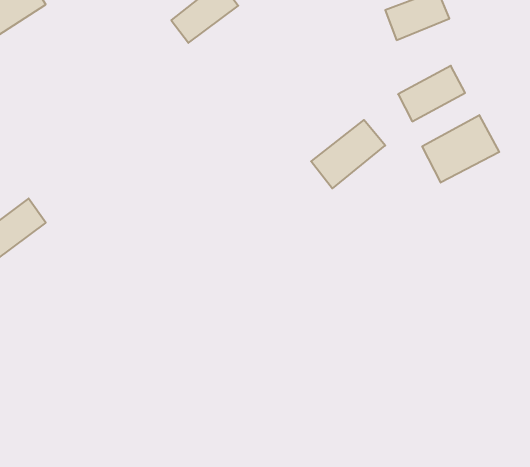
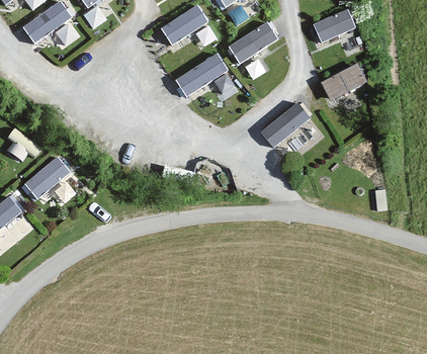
building: none -> [228,23,277,62]
building: none -> [174,52,229,98]
building: [422,115,499,183] -> none

